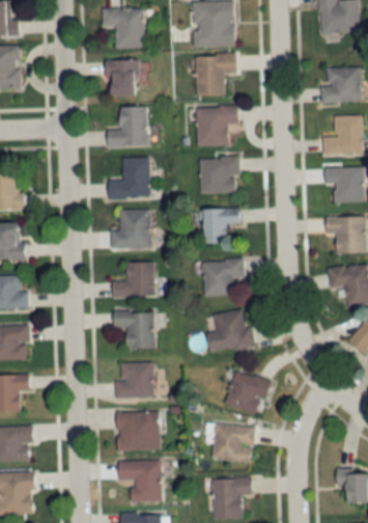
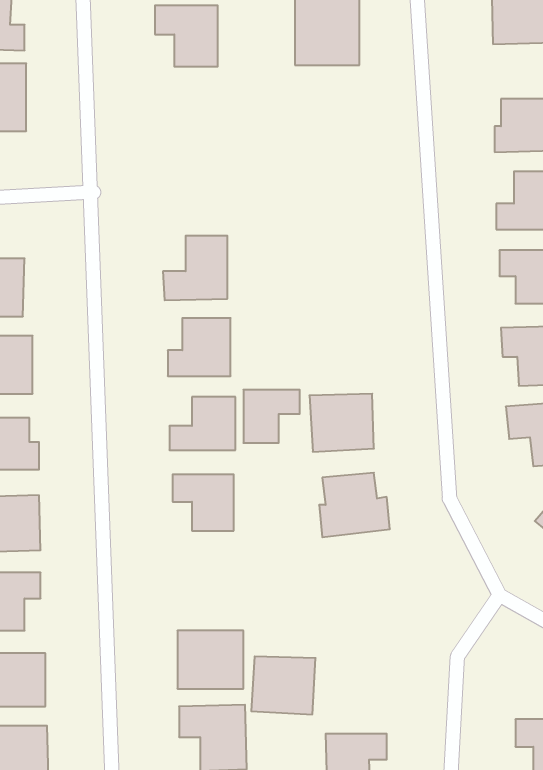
building: [195,55,235,95] -> none
building: [106,62,138,98] -> none
building: [197,106,237,146] -> none
building: [107,107,155,146] -> none
building: [200,158,238,193] -> none
building: [203,209,239,243] -> [243,390,300,443]
building: [115,362,152,397] -> none
building: [226,371,272,413] -> none
building: [213,424,254,462] -> [251,656,316,714]

